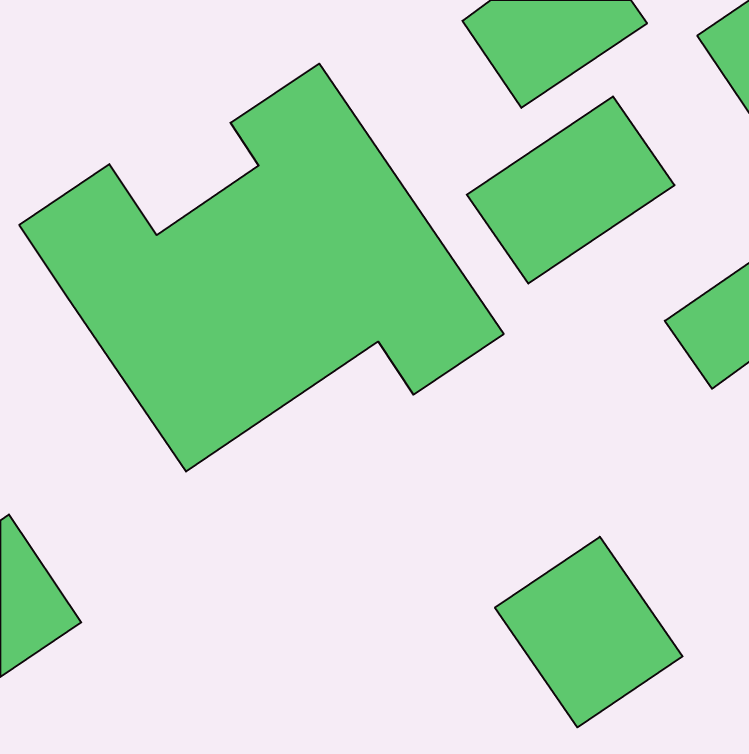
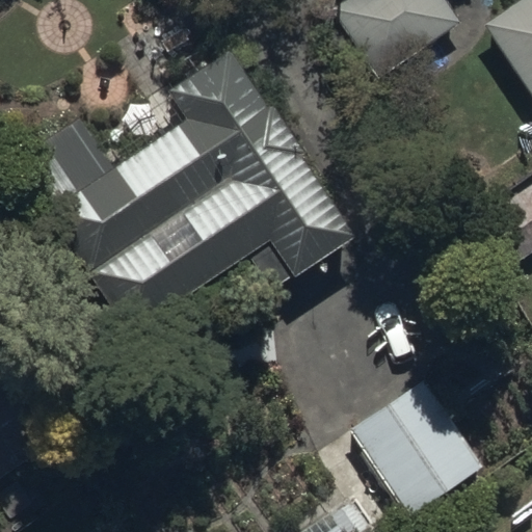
building: [467,96,675,284] -> none

